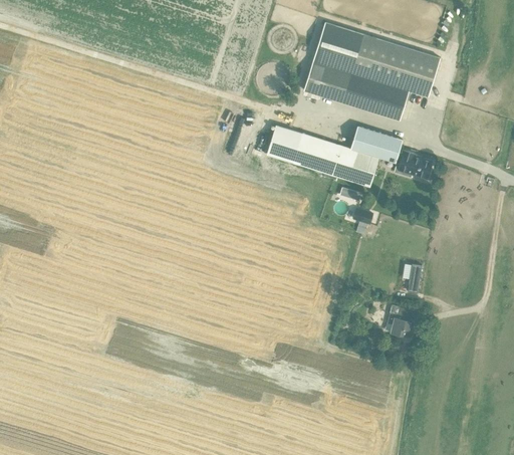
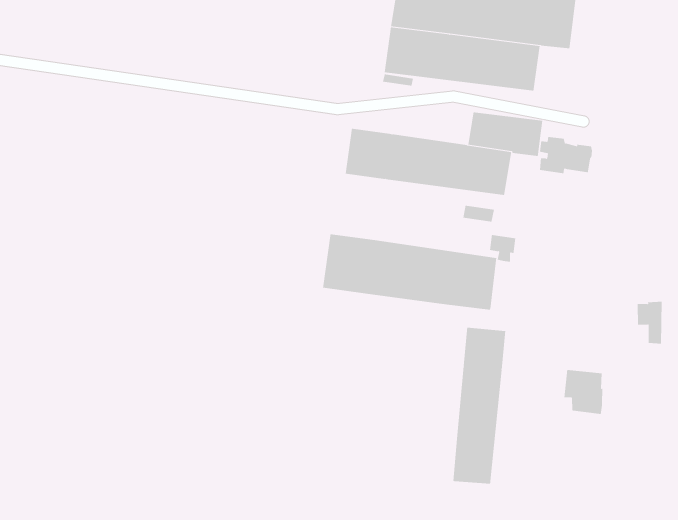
building: none -> [323,233,497,311]
building: [403,264,422,293] -> [637,301,662,344]
building: none -> [453,327,506,484]

